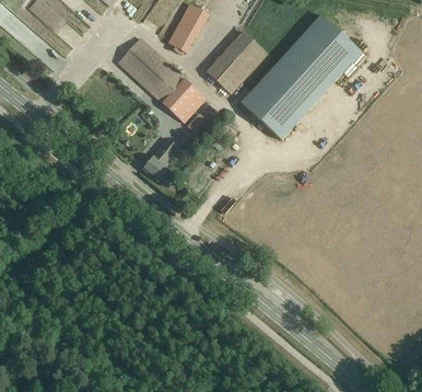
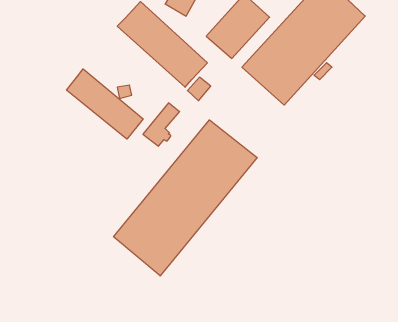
building: none -> [67,69,143,139]
building: none -> [114,120,257,276]

